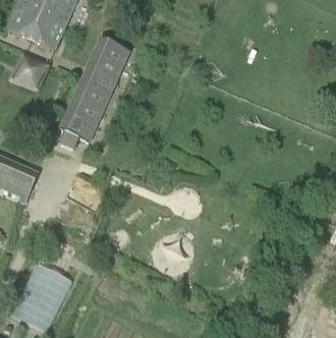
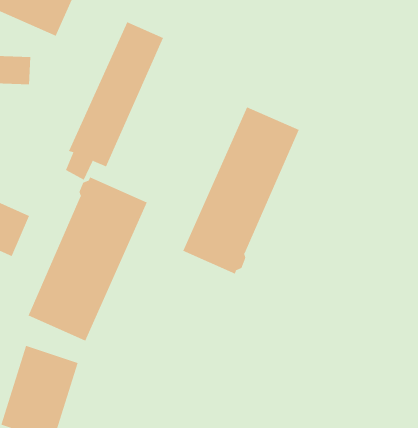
building: none -> [183,106,299,274]
building: none -> [28,177,148,341]

